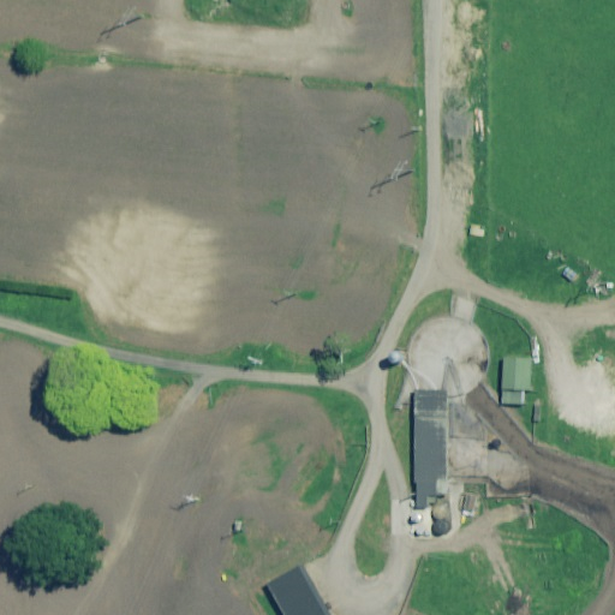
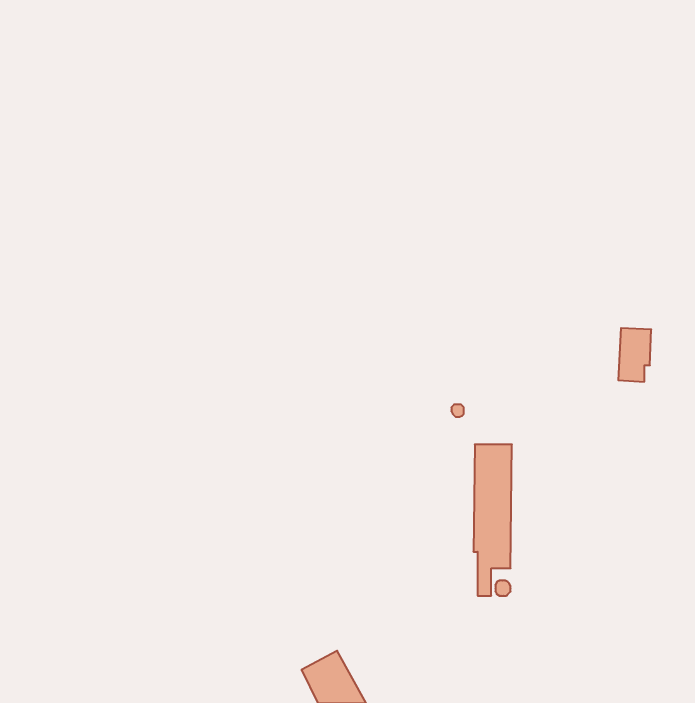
building: [501,358,530,405] -> [618,328,651,382]

